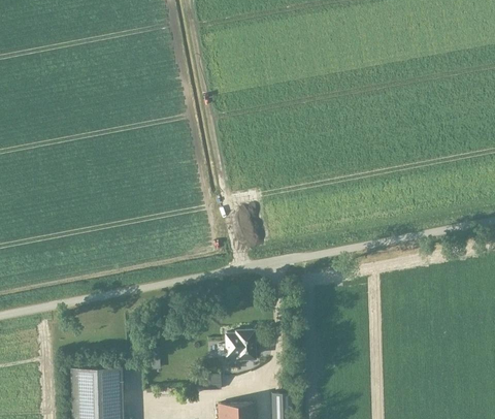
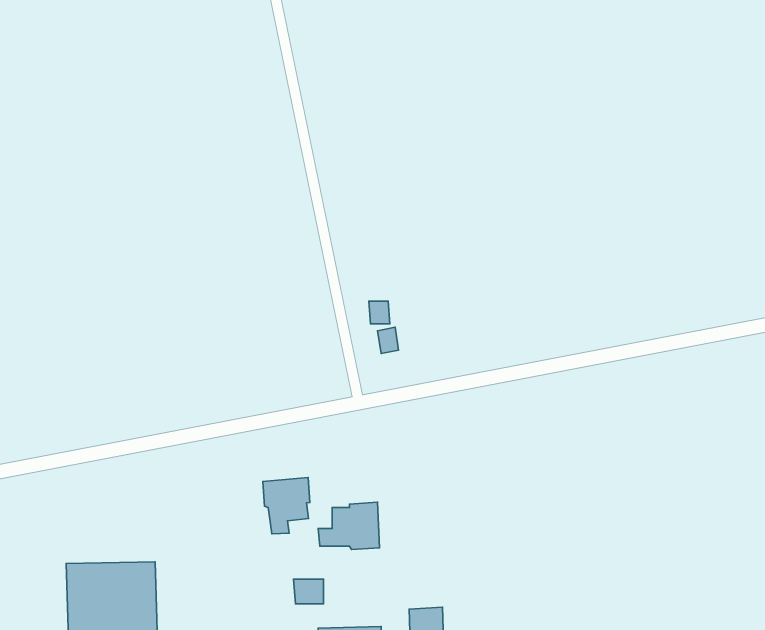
building: none -> [263,478,310,534]

